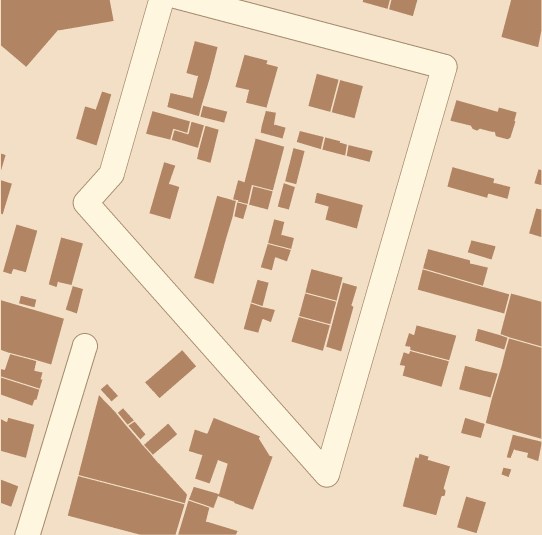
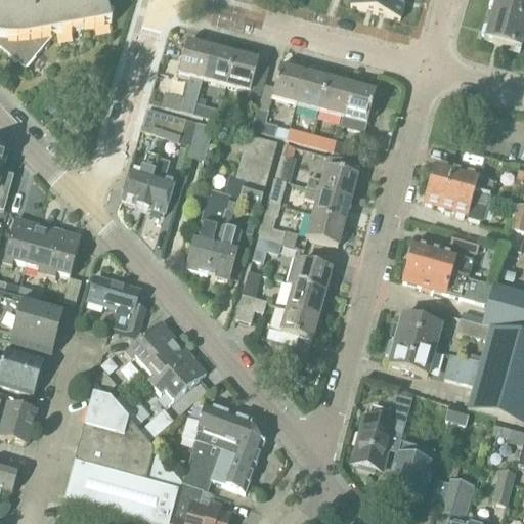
building: none -> [203,45,235,84]
building: none -> [272,64,305,102]
building: none -> [340,83,381,131]
building: [75,91,112,146] -> [122,152,158,206]
building: [450,99,517,140] -> [425,180,490,219]
building: none -> [305,166,357,198]
building: none -> [306,212,345,246]
building: none -> [26,222,58,274]
building: none -> [207,228,238,280]
building: [326,282,358,352] -> none
building: none -> [87,274,145,334]
building: none -> [125,319,176,365]
building: none -> [154,353,206,399]
building: none -> [353,393,411,471]
building: none -> [490,468,515,505]

